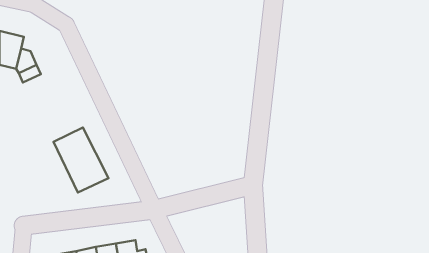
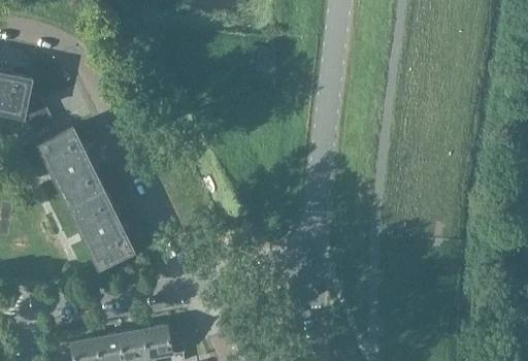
building: none -> [36,126,103,205]

